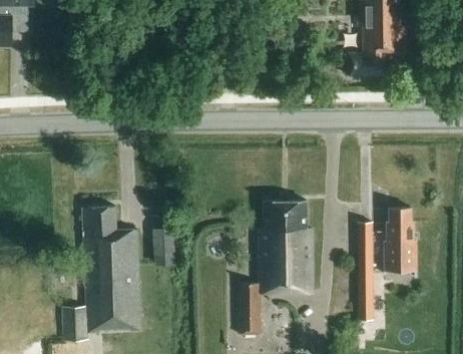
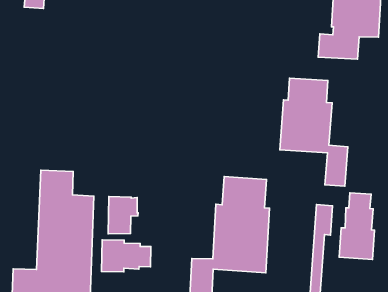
building: none -> [280,78,348,186]
building: none -> [102,240,151,272]

